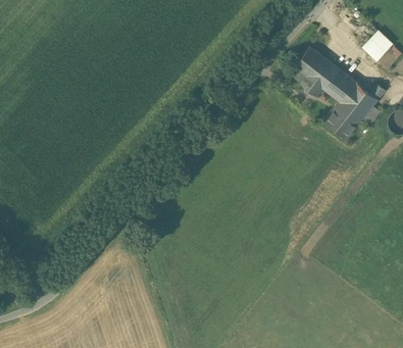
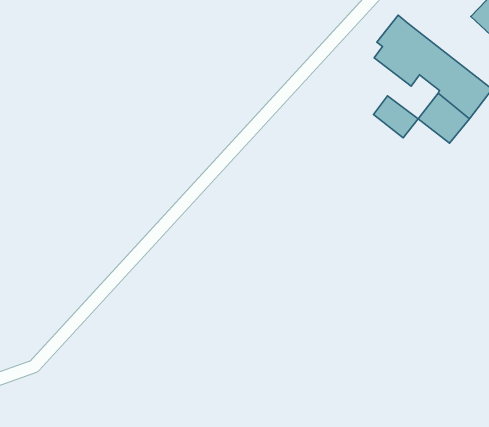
building: none -> [374,96,418,138]

